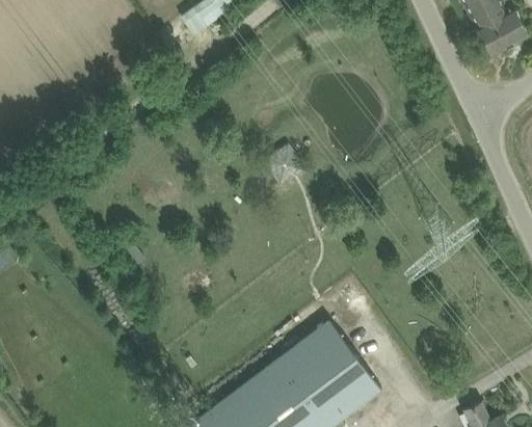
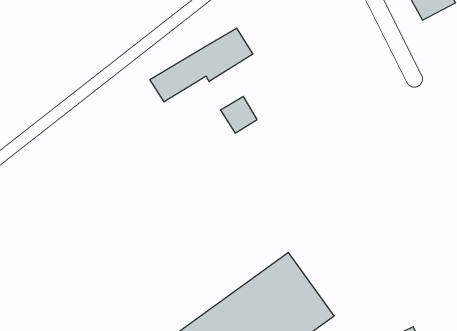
building: none -> [150,28,253,102]

